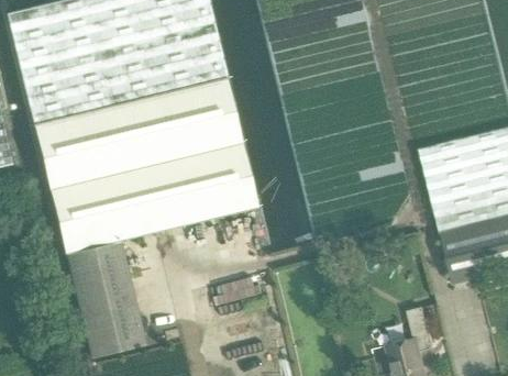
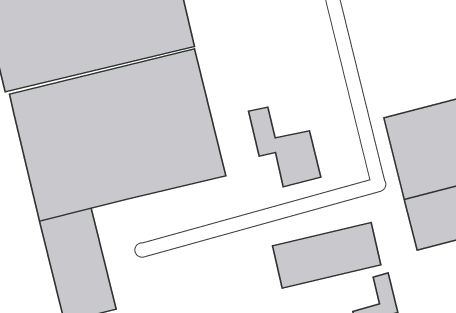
building: none -> [249,107,321,187]
building: none -> [272,222,381,288]

